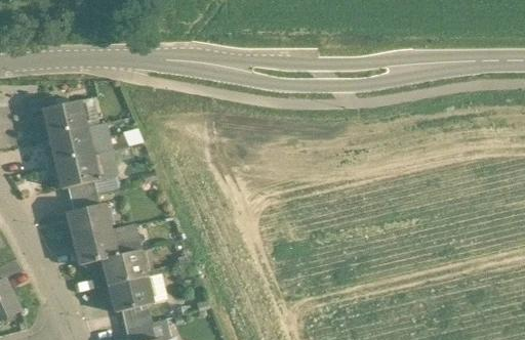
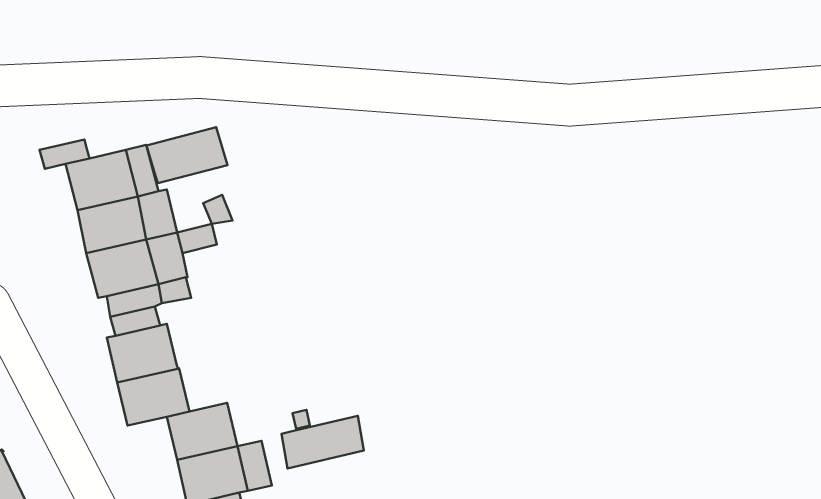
building: none -> [146,127,227,183]
building: [110,225,139,257] -> none
building: none -> [281,416,364,468]

